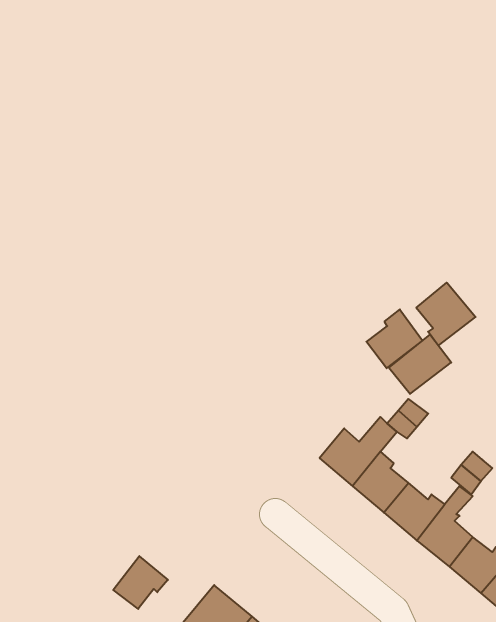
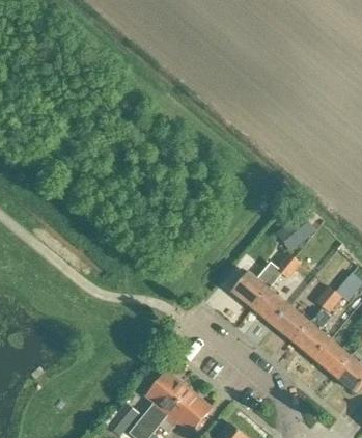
building: [416,283,476,345] -> none
building: [366,309,423,368] -> none
building: [113,556,168,609] -> none

